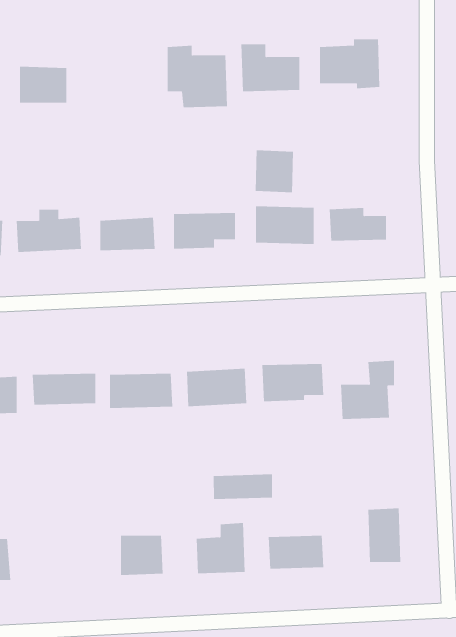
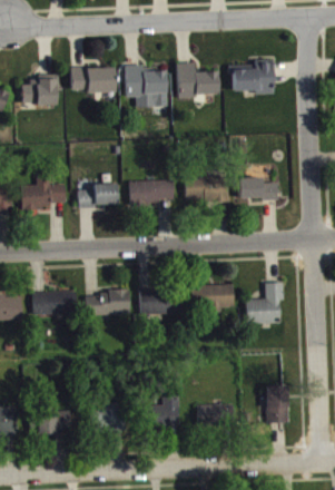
building: none -> [71,66,116,92]
building: [255,150,294,193] -> none
building: [213,473,272,500] -> none
building: none -> [32,411,71,434]

